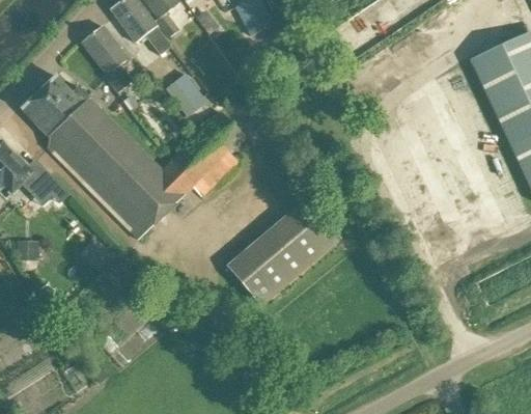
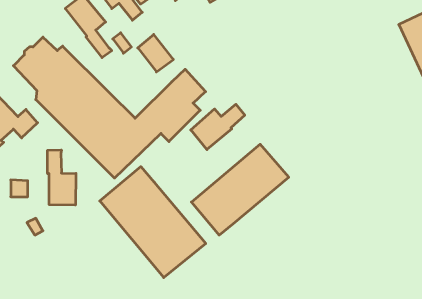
building: none -> [191,104,245,150]
building: none -> [48,150,76,205]
building: none -> [100,167,206,278]

